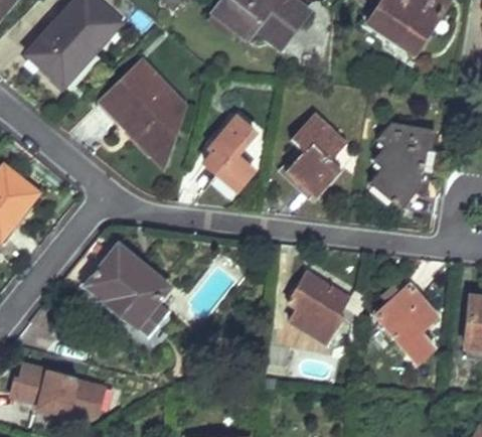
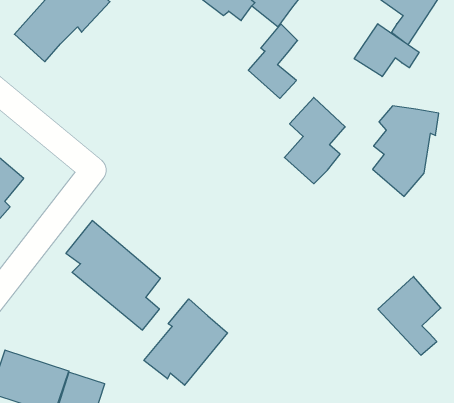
building: none -> [354,24,419,77]
building: [102,60,181,146] -> none
building: [206,116,254,187] -> [248,24,298,98]
building: [288,272,348,341] -> none
building: none -> [144,299,228,385]

